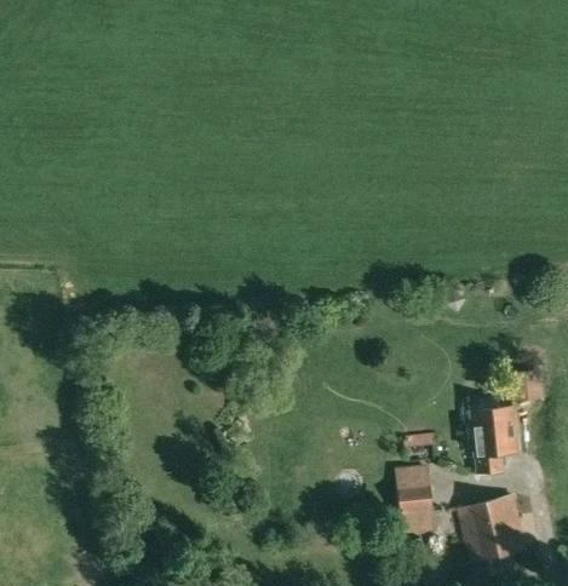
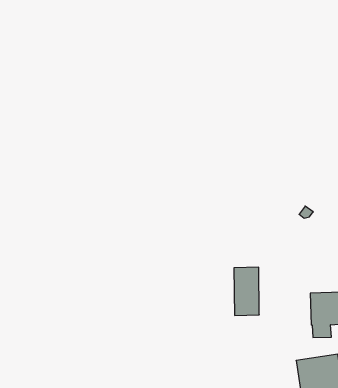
building: [396,464,436,533] -> [234,267,259,315]

